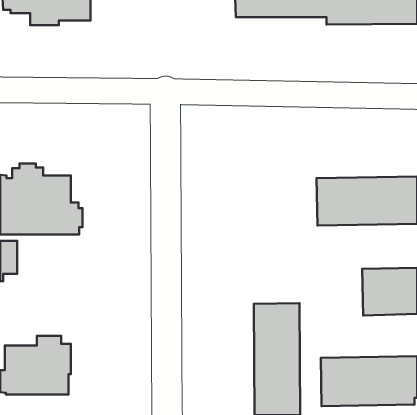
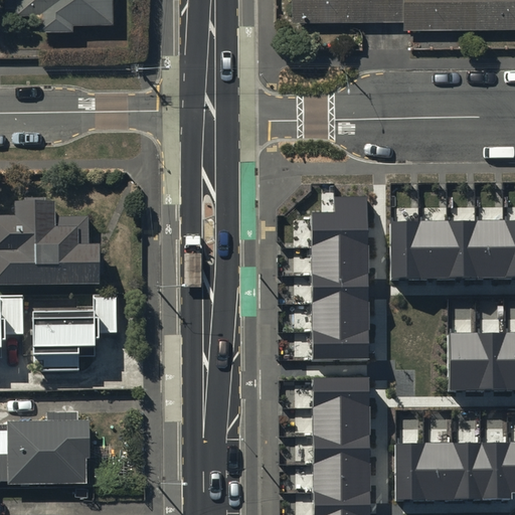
building: none -> [312,194,369,357]
building: none -> [31,295,115,374]

